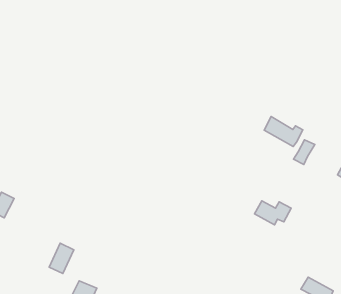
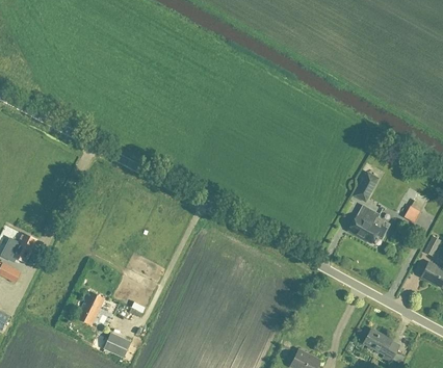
building: [264,117,303,146] -> none
building: [254,201,291,225] -> [348,215,390,242]

